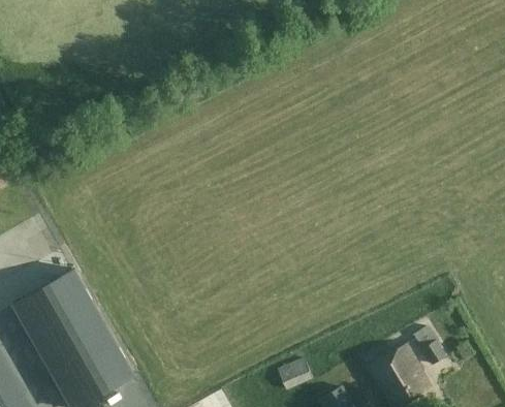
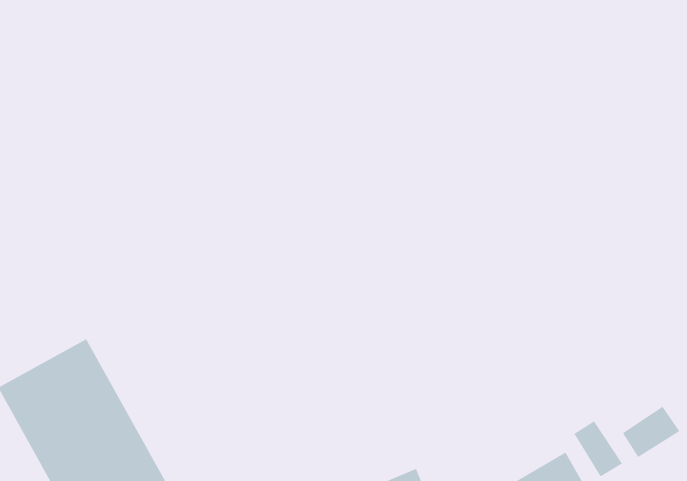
building: none -> [622,406,680,458]

